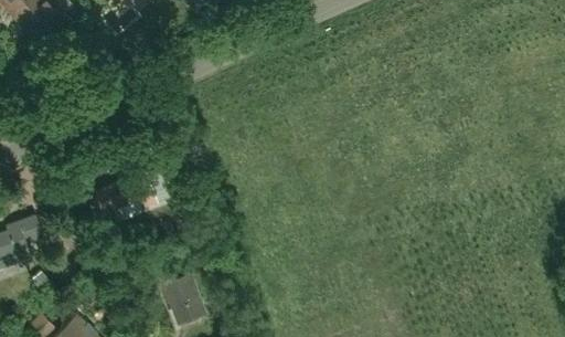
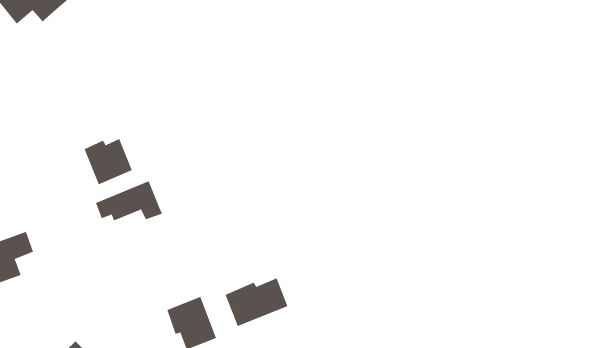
building: none -> [84,138,132,185]
building: none -> [225,277,288,327]

